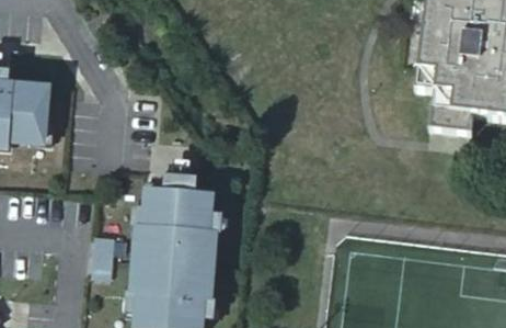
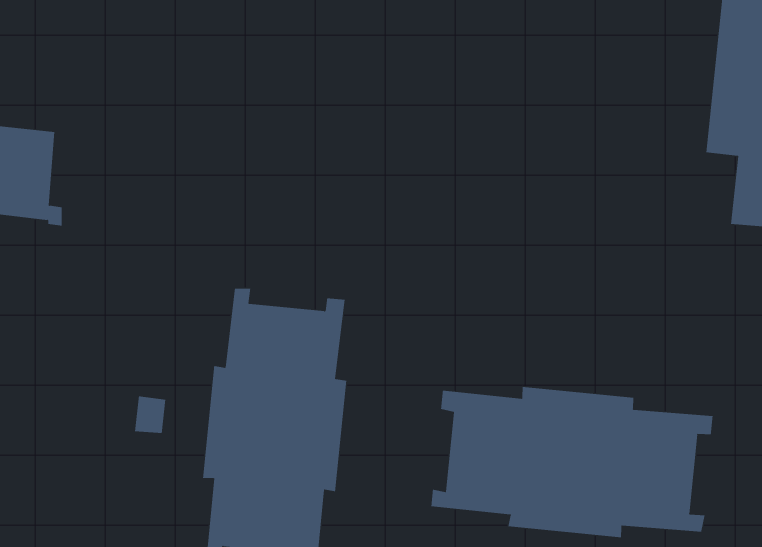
building: none -> [431,386,713,538]

